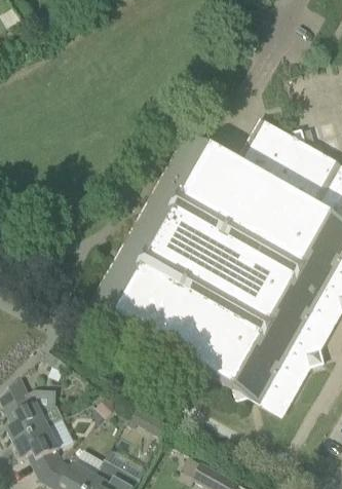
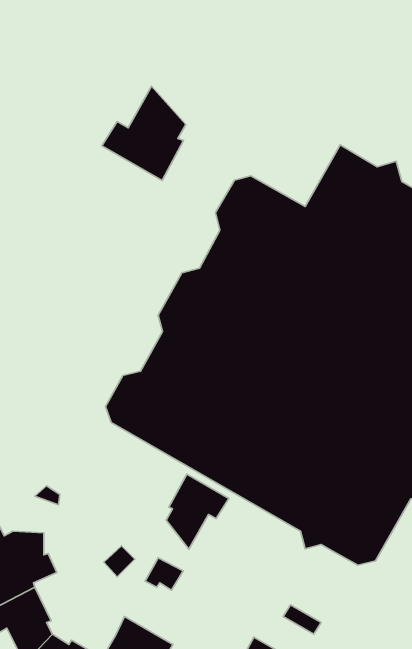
building: none -> [102,86,186,181]
building: none -> [166,474,229,549]

